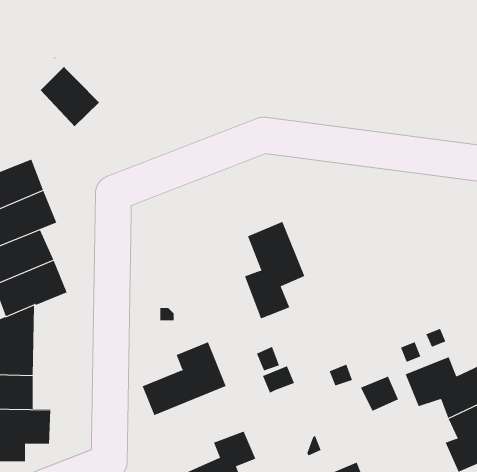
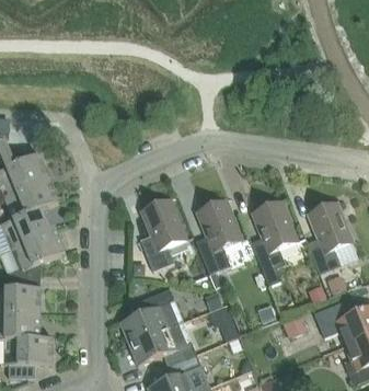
building: [40,56,100,127] -> none
building: none -> [140,198,186,271]
building: none -> [252,200,297,285]
building: none -> [307,202,351,274]
building: none -> [129,321,196,365]

